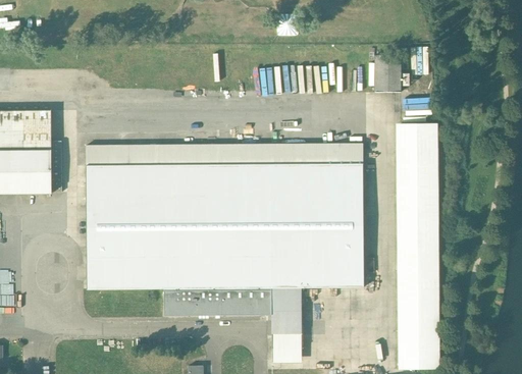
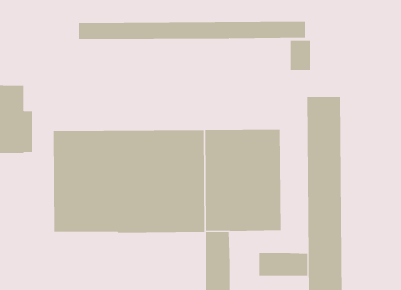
building: [86,143,363,165] -> [78,21,306,40]
building: [164,288,271,315] -> none
building: none -> [259,252,308,276]

